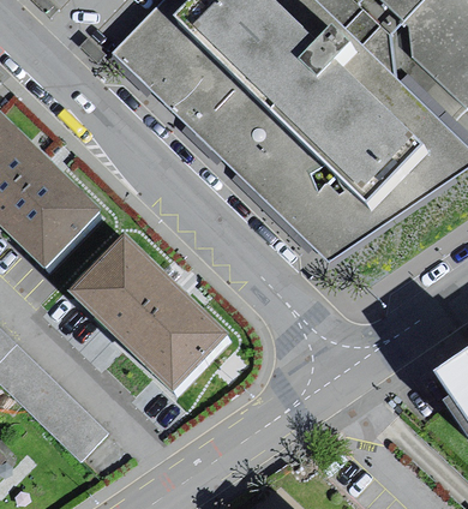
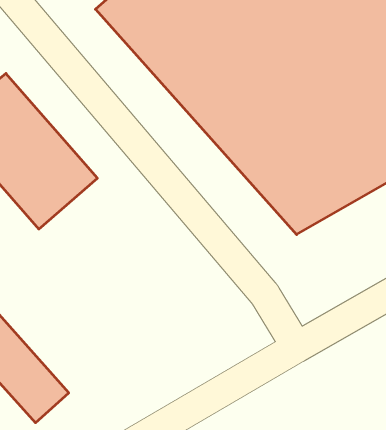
building: [84,239,240,393] -> none

